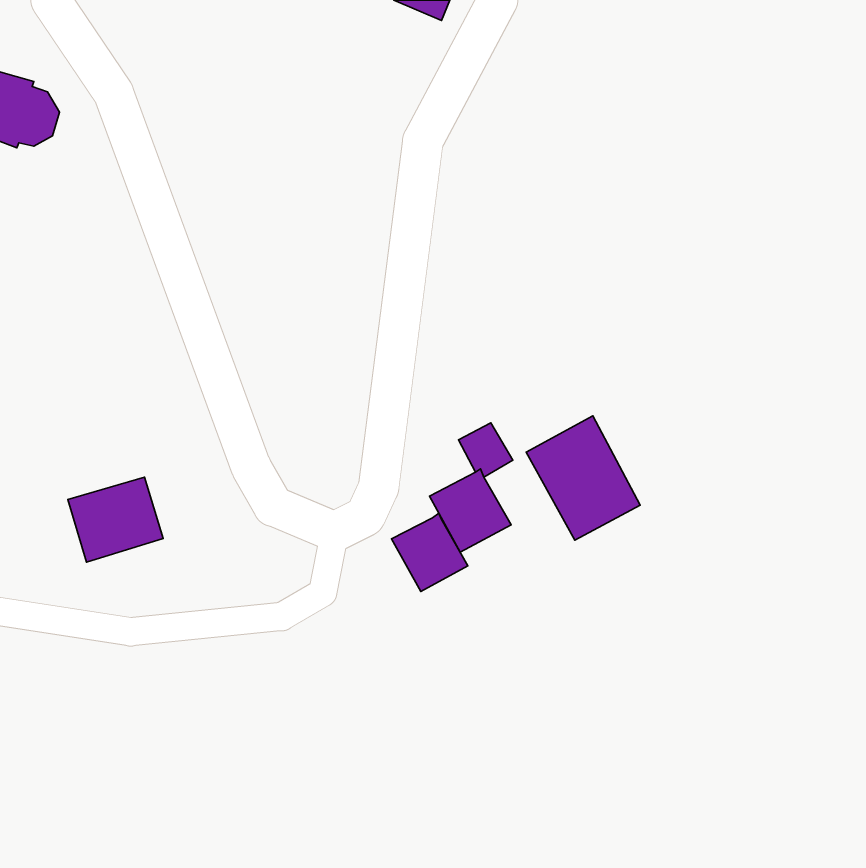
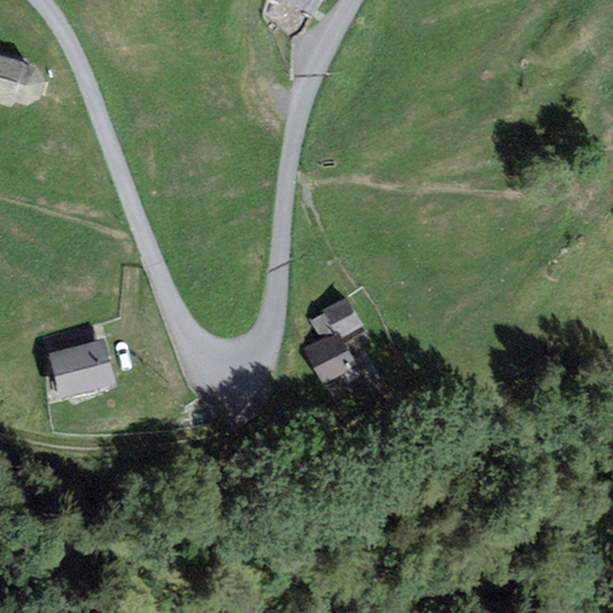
building: [526,416,640,540] -> none
building: [392,513,468,592] -> none

